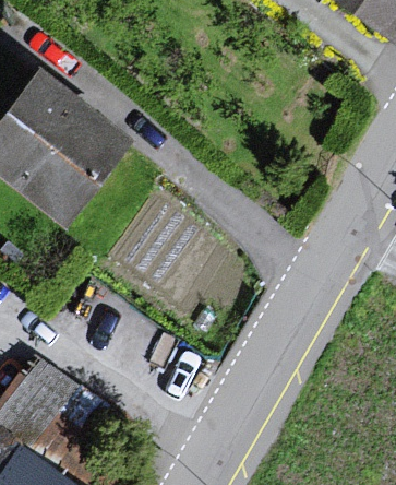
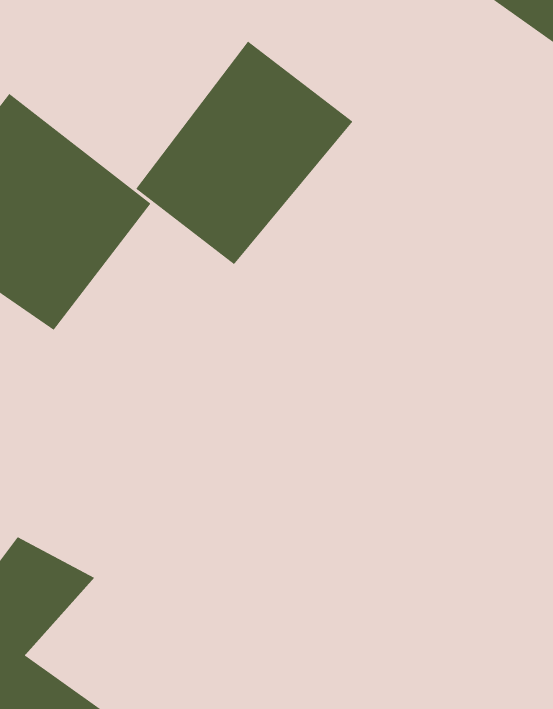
building: none -> [135,40,354,265]

